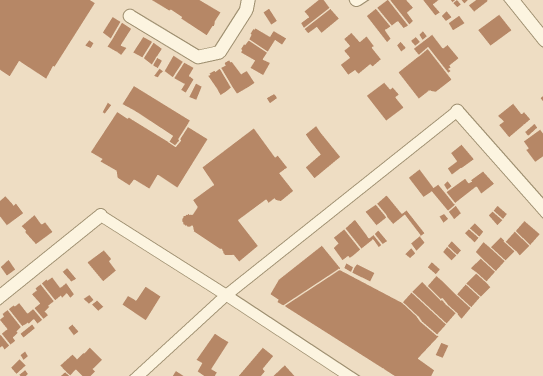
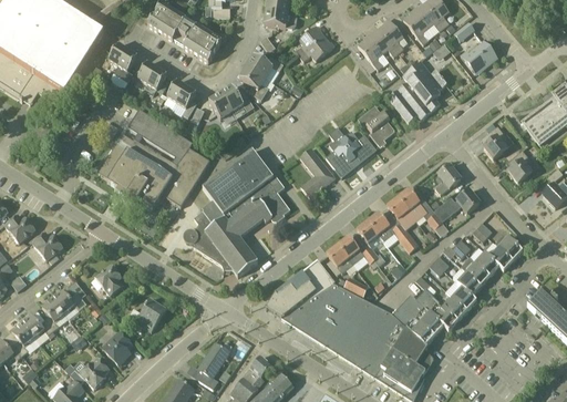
building: [340,32,382,76] -> [326,127,365,168]
building: none -> [386,197,419,249]
building: none -> [102,331,132,364]

